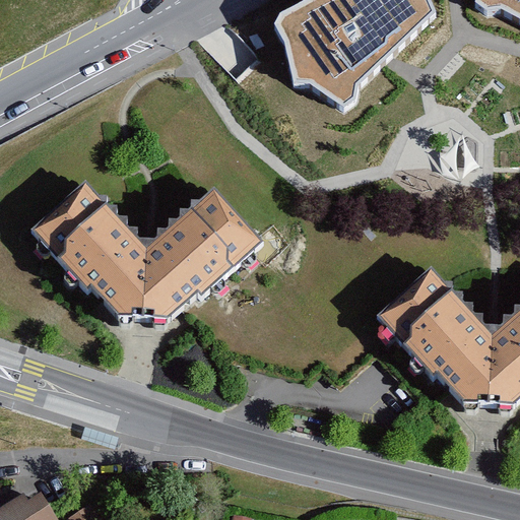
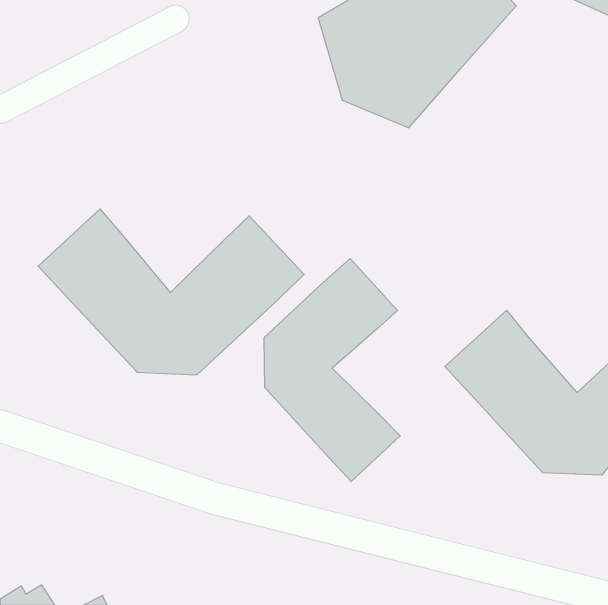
building: none -> [264,259,400,482]

